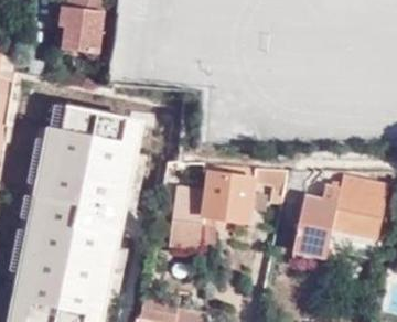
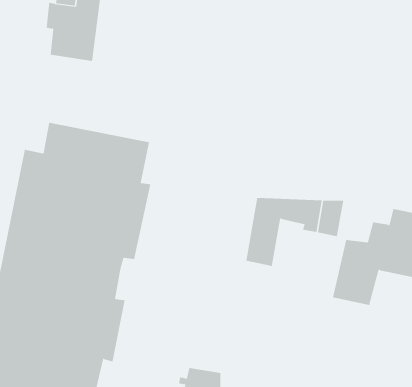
building: [167,164,232,239] -> none

